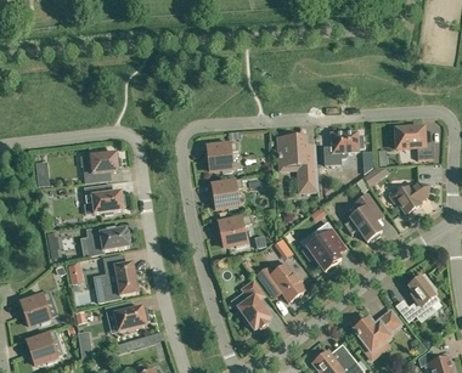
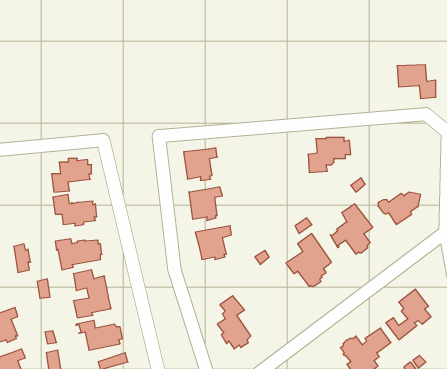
building: [396,128,433,159] -> [397,65,436,98]
building: [277,135,319,196] -> none
building: [257,262,306,301] -> none

